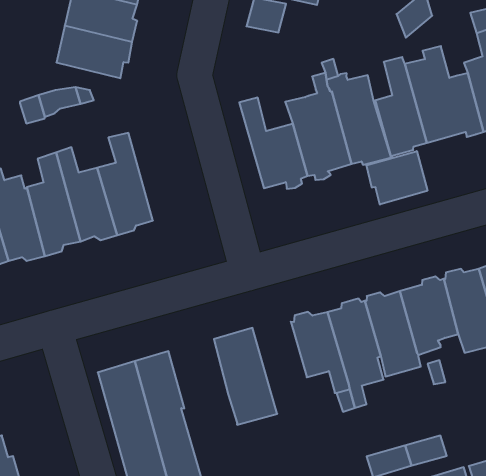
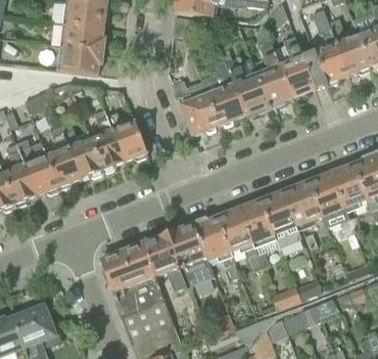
building: none -> [104,105,147,163]
building: [367,151,427,205] -> none
building: none -> [193,218,238,279]
building: none -> [142,233,185,291]

